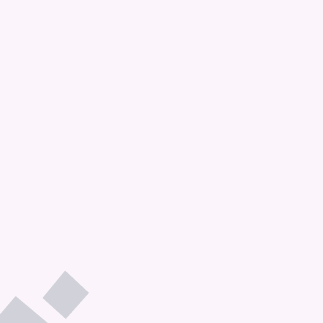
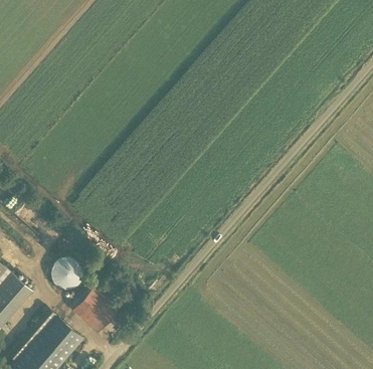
building: none -> [48,255,86,293]

